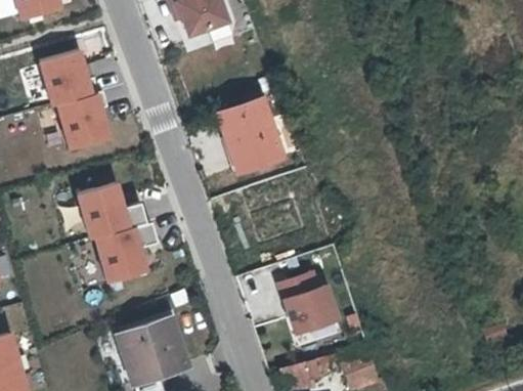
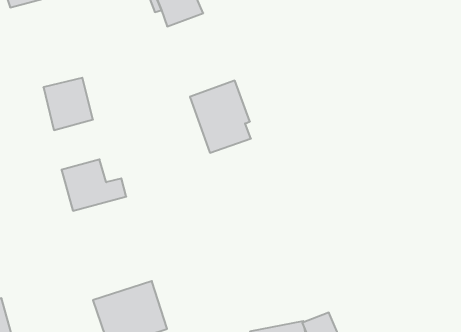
building: [38,49,91,104] -> none
building: [94,220,157,280] -> none
building: [274,268,341,338] -> none

